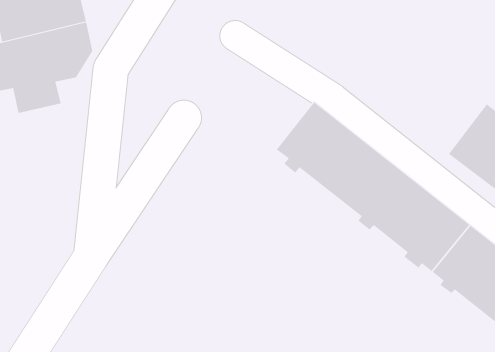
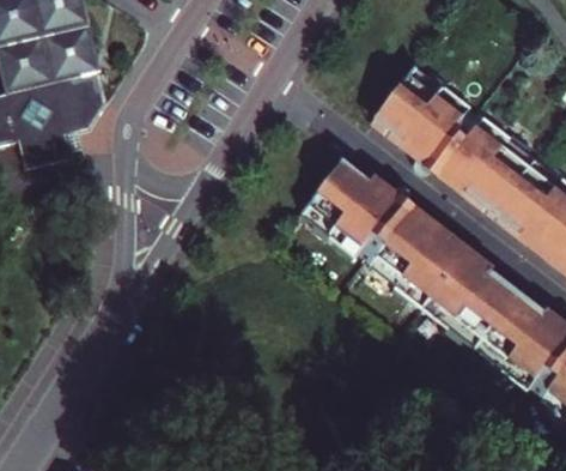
building: none -> [375,66,535,212]

